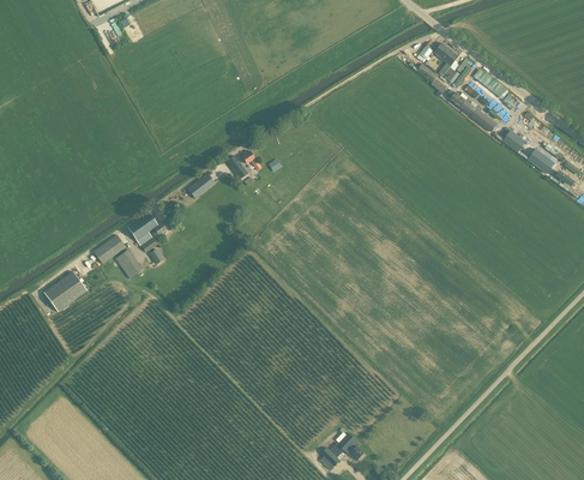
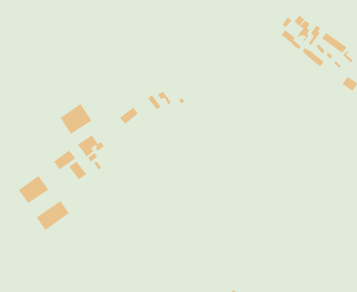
building: none -> [60,103,92,135]
building: none -> [36,200,69,231]

